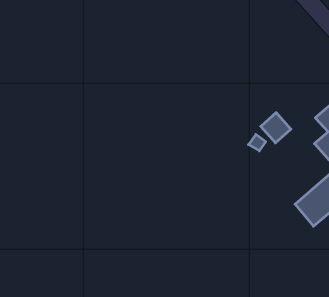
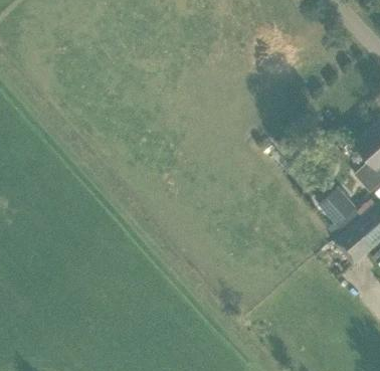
building: [261,113,291,143] -> [322,191,355,224]

